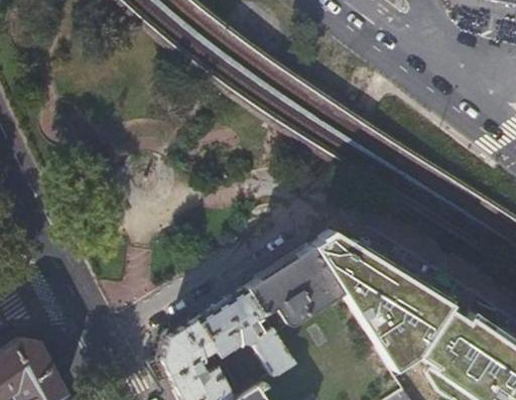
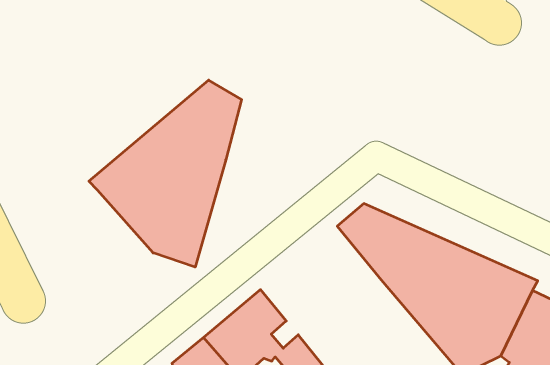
building: none -> [89,80,242,267]
building: [246,246,342,324] -> none

